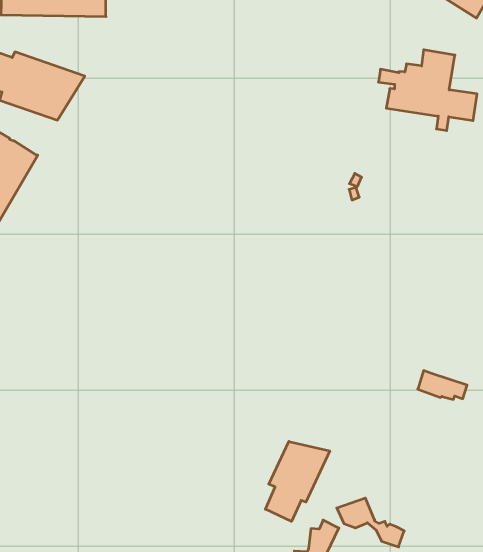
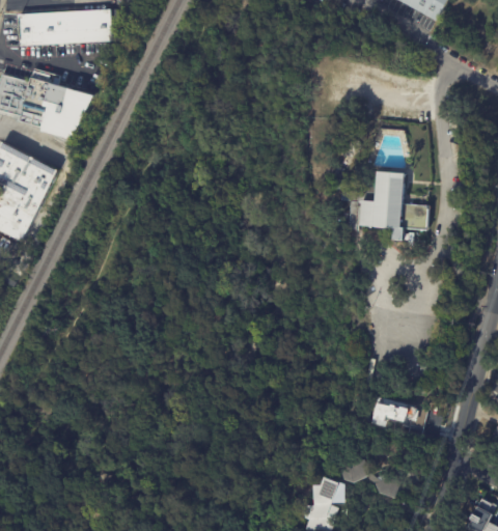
building: [378,50,477,131] -> [340,171,428,242]
building: [418,371,467,399] -> [376,398,419,422]
building: [265,441,330,521] -> none

